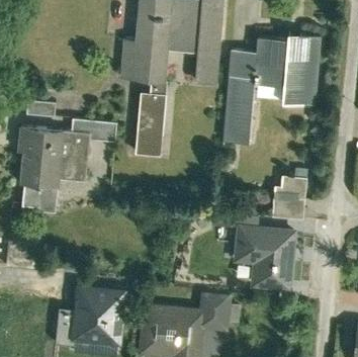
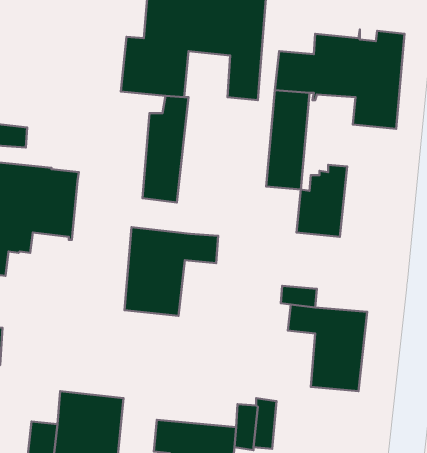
building: [72,119,117,143] -> none
building: [272,170,307,220] -> [297,165,347,237]
building: none -> [124,227,218,316]

